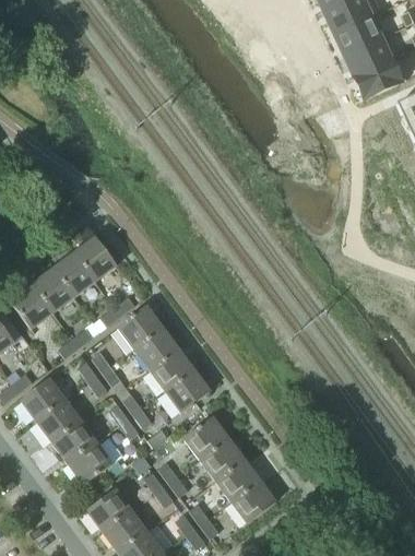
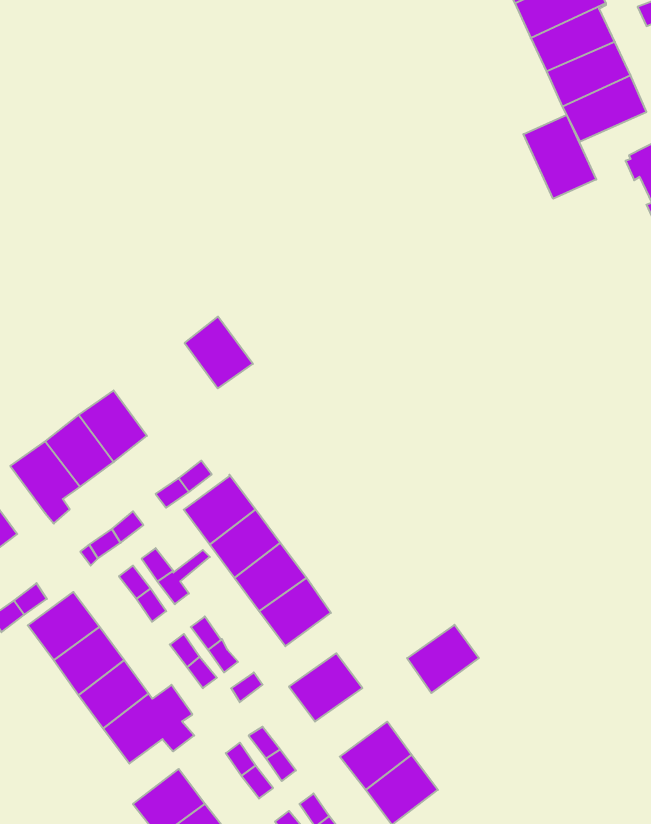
building: none -> [523,115,596,199]
building: [73,236,116,281] -> [185,317,253,388]
building: [199,438,244,481] -> [407,625,479,693]

